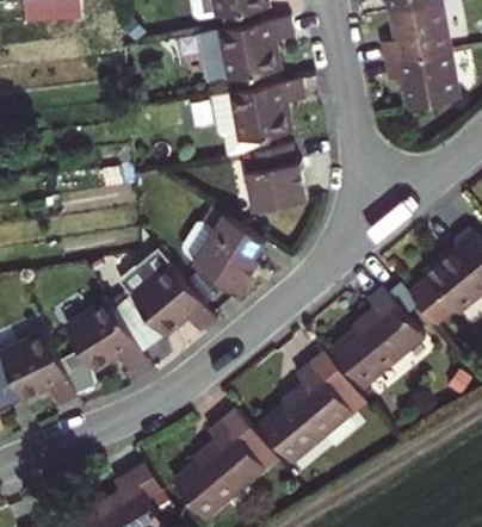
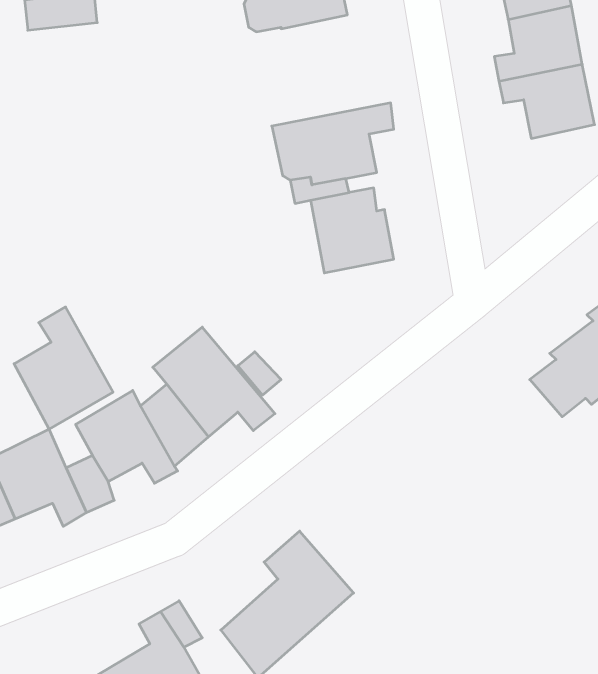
building: [200,18,296,85] -> none
building: [178,206,264,291] -> none
building: none -> [14,307,113,429]
building: [333,285,424,383] -> none
building: [260,352,366,460] -> none

